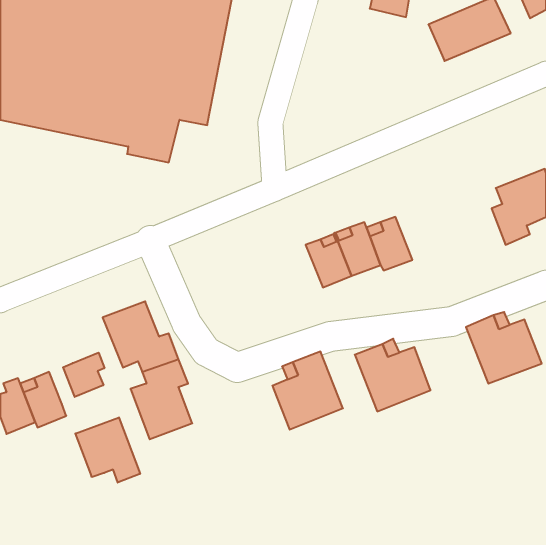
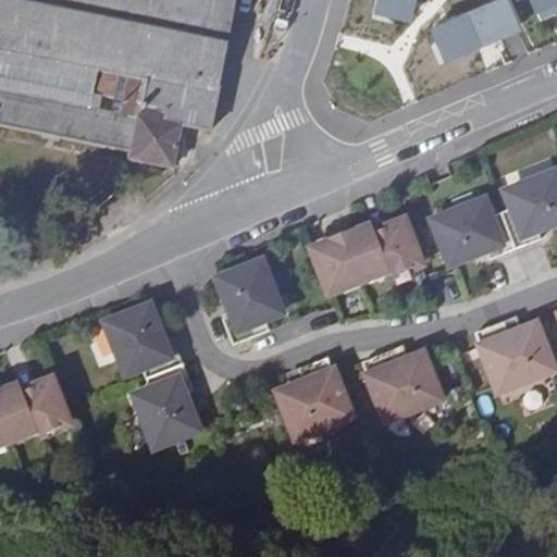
building: none -> [432,200,515,263]
building: none -> [216,262,280,345]
building: [63,353,104,397] -> none
building: [75,417,140,483] -> none

